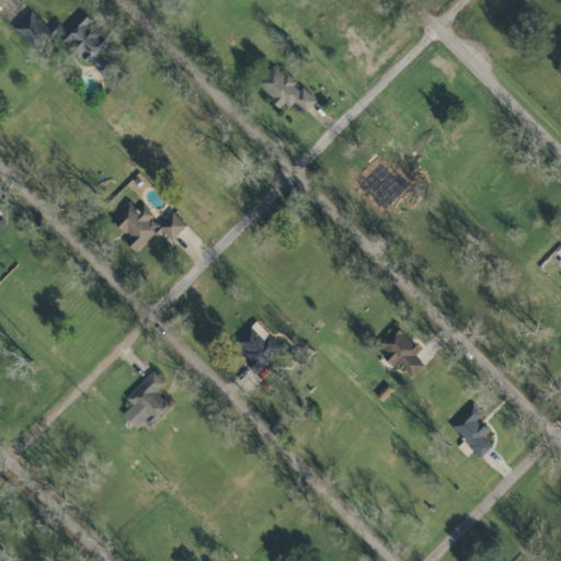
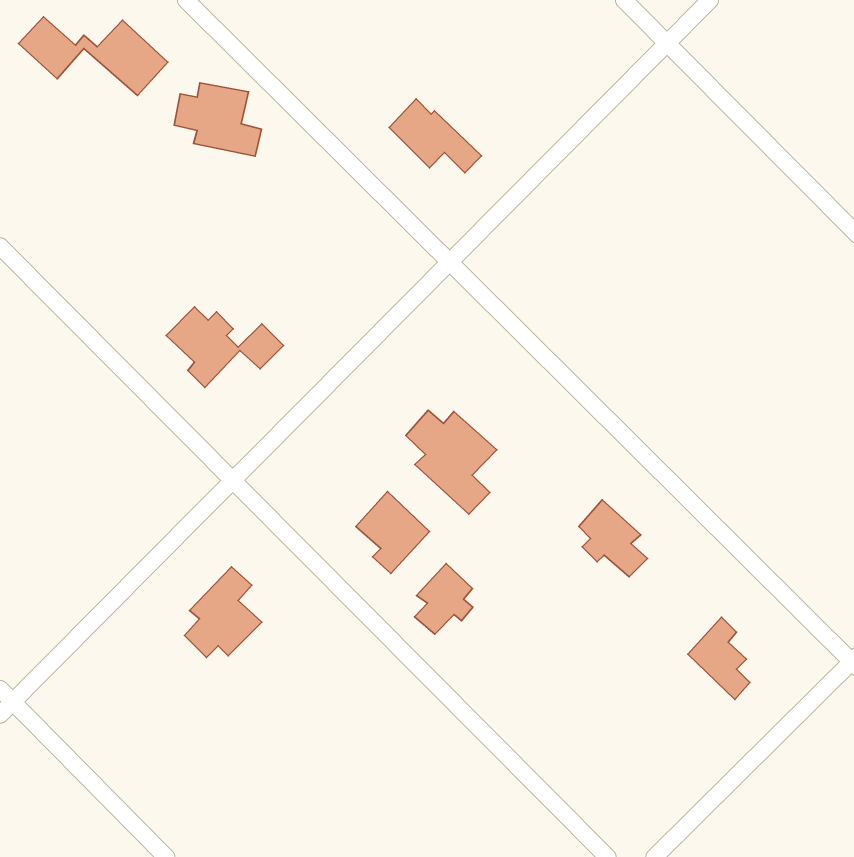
building: none -> [174,83,261,156]
building: none -> [406,410,497,514]
building: none -> [415,563,473,634]

